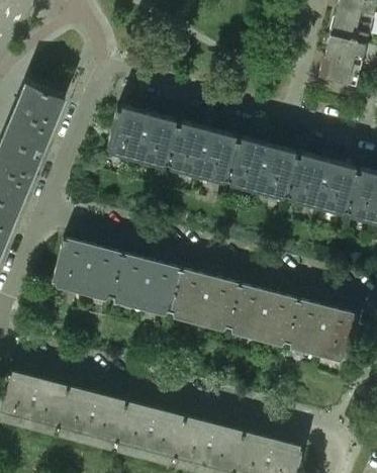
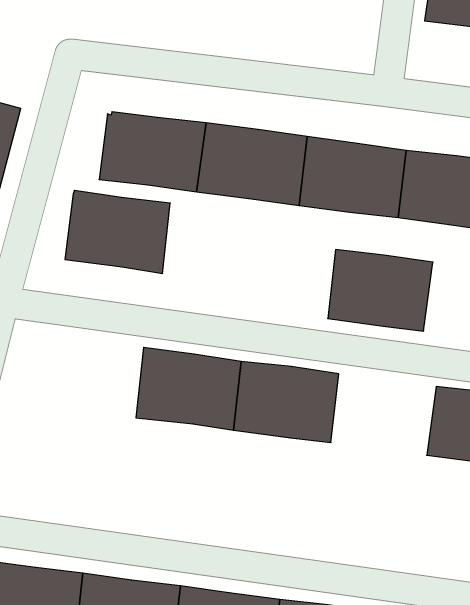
building: [54,240,122,297] -> [65,190,170,273]
building: [229,286,298,343] -> [328,250,433,331]

